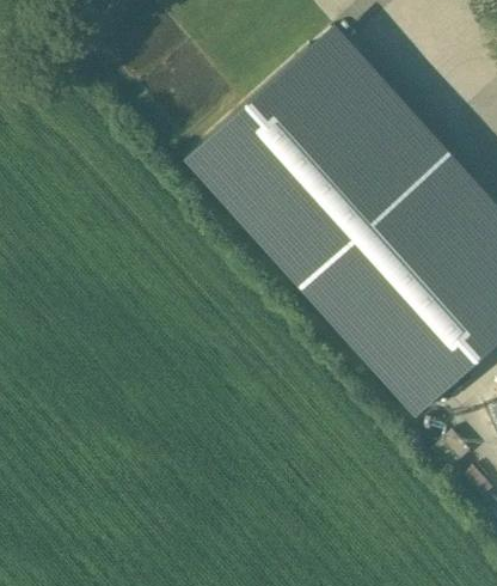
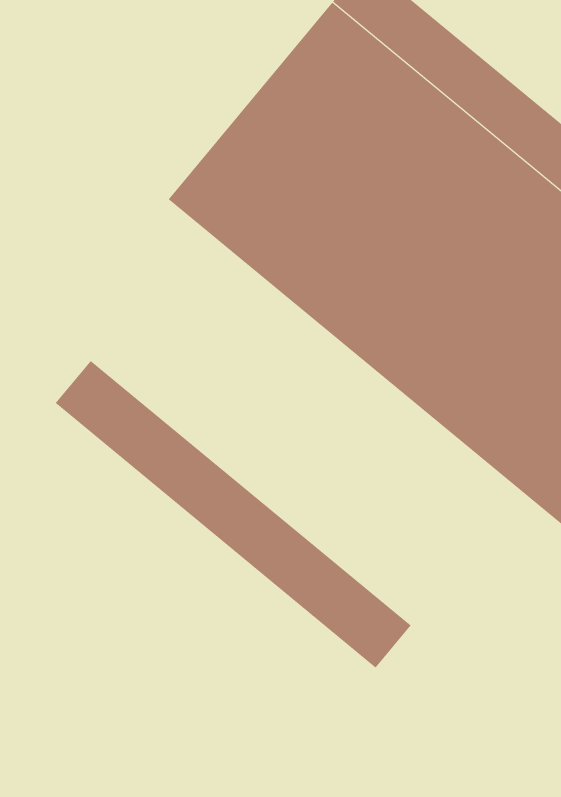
building: none -> [55,360,411,668]

